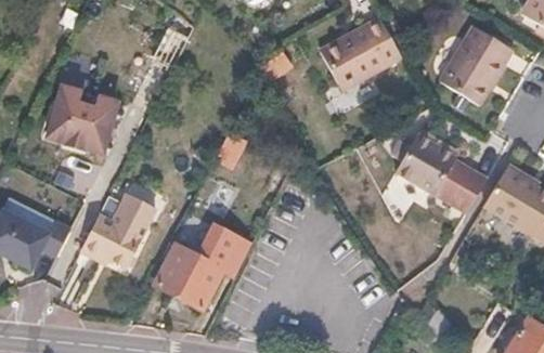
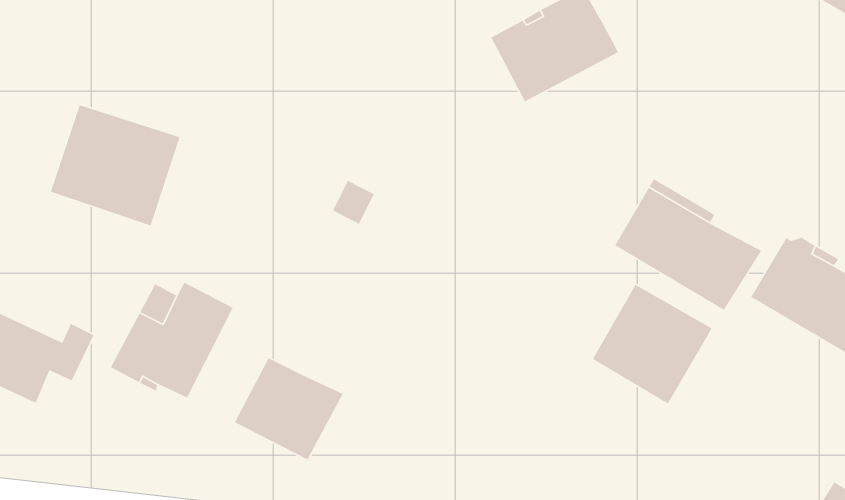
building: [439,27,511,106] -> none
building: none -> [592,284,713,404]
building: [200,224,251,272] -> none

